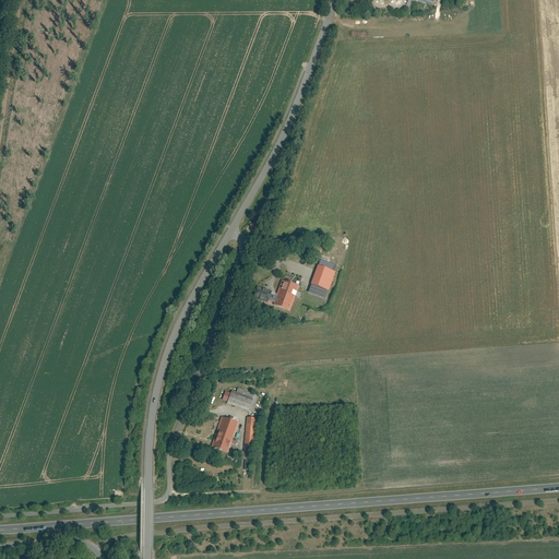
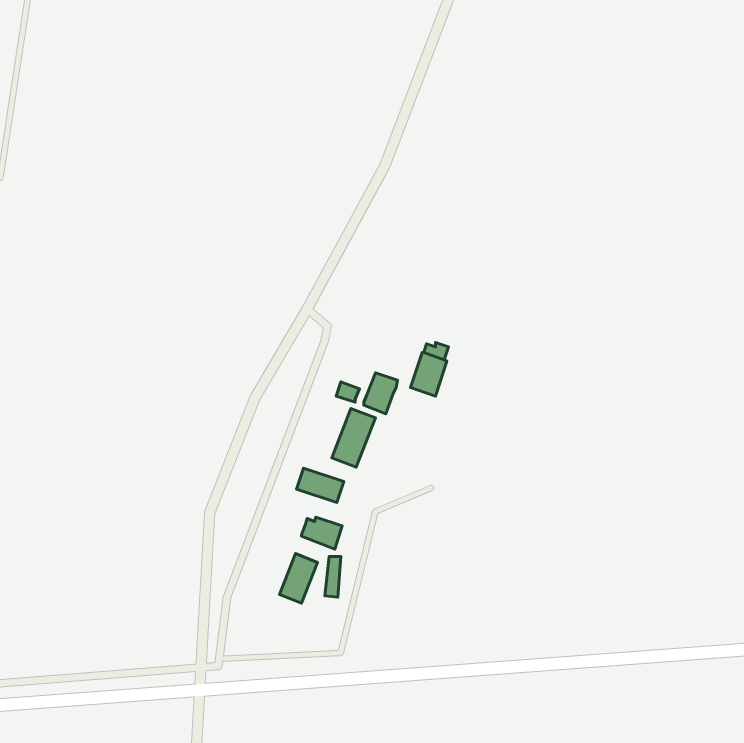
building: none -> [332,408,375,467]
building: none -> [297,468,344,503]

